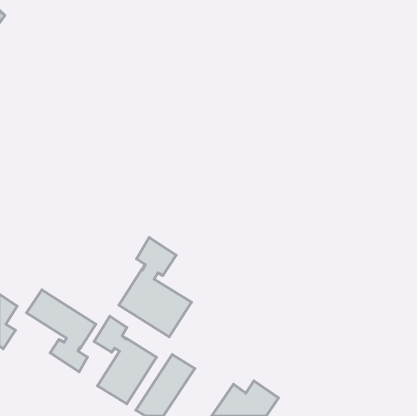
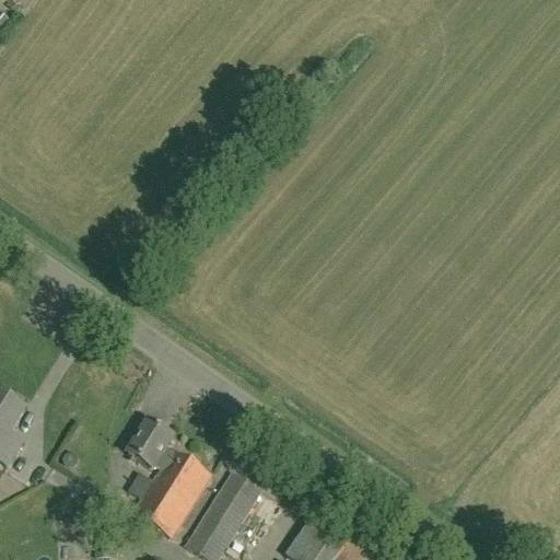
building: [119,237,192,337] -> none
building: [26,290,96,372] -> none

